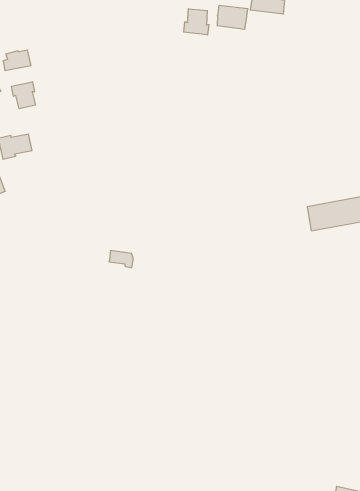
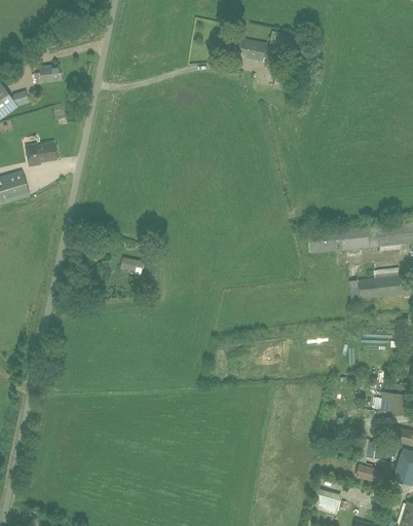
building: [184,9,209,35] -> none
building: [12,82,35,109] -> none

